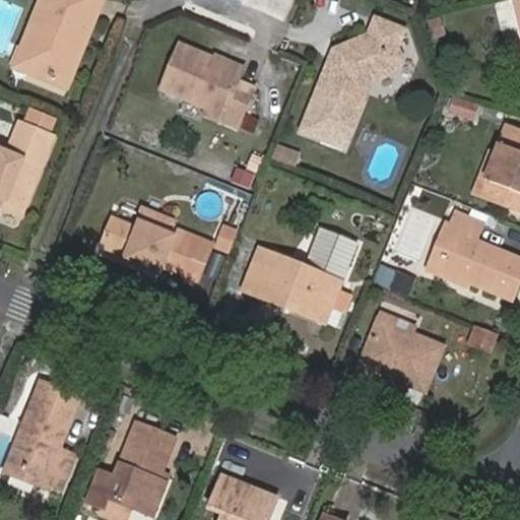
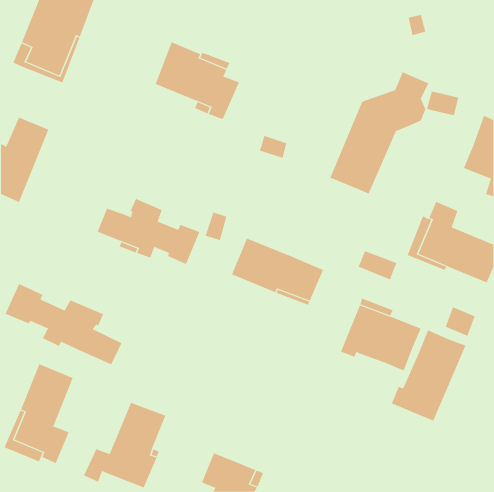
building: [302,17,406,146] -> [330,72,429,194]
building: [470,148,515,204] -> none
building: [307,234,354,283] -> none
building: none -> [5,283,122,365]
building: none -> [391,329,466,421]

